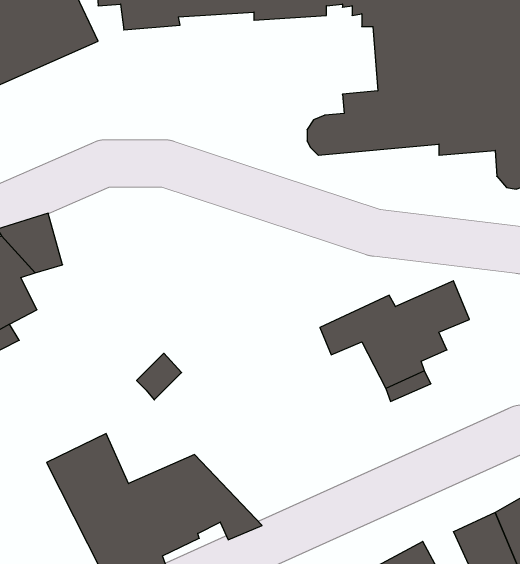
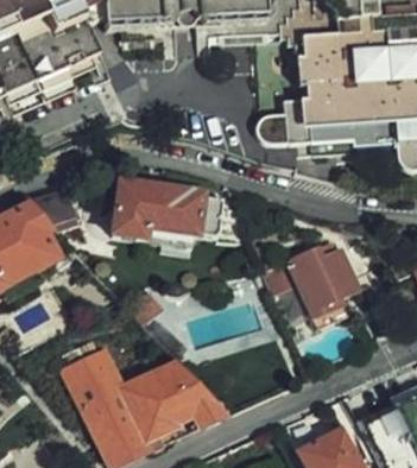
building: none -> [113,178,221,236]

